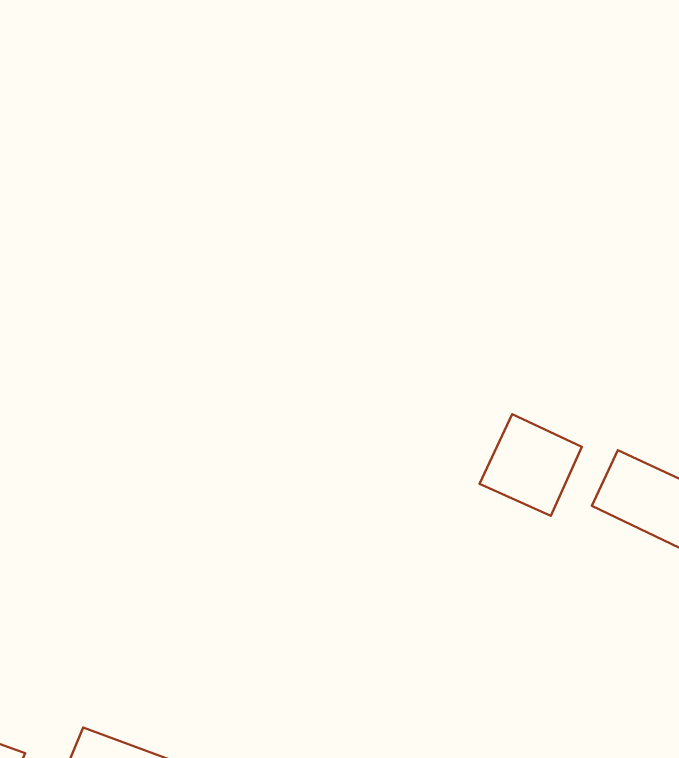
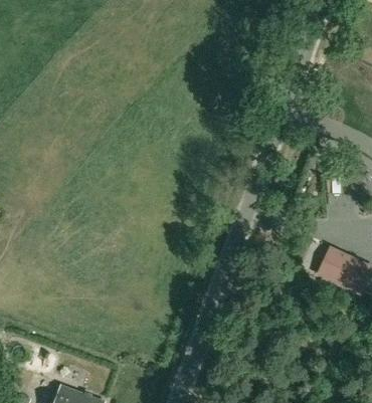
building: [480,414,582,516] -> none

